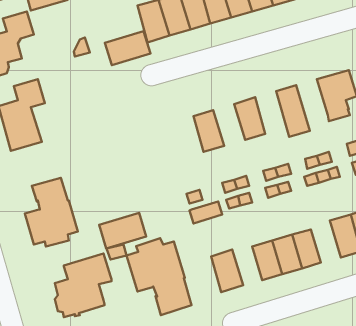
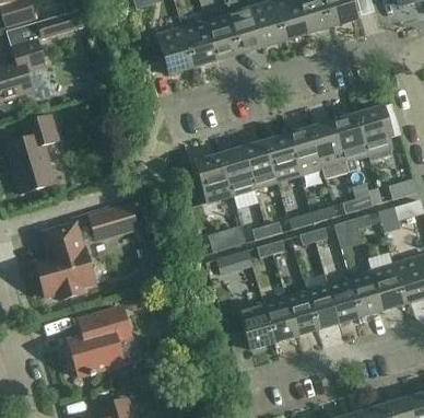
building: [105,31,150,65] -> none
building: none -> [332,115,367,172]
building: none -> [287,128,325,178]
building: none -> [242,142,276,188]
building: none -> [196,155,231,201]
building: [99,213,146,249] -> [86,204,138,243]
building: none -> [349,270,381,316]
building: [127,238,192,315] -> none
building: none -> [262,299,295,341]

